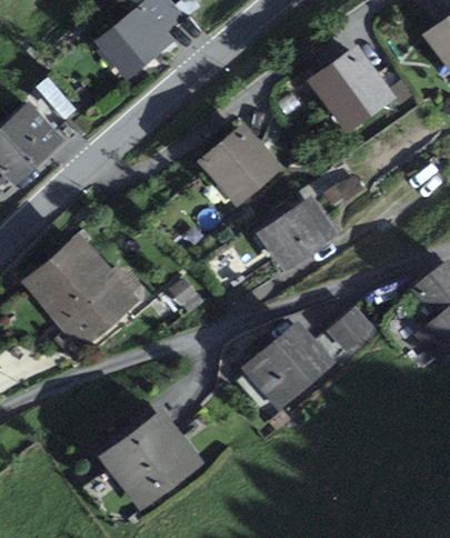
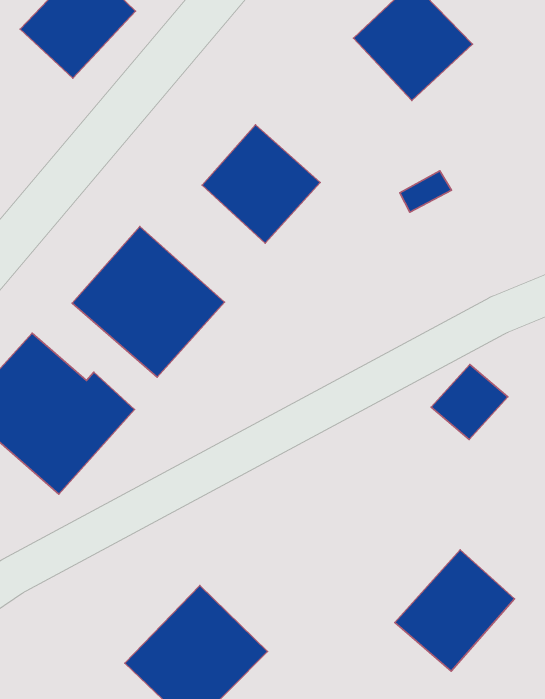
building: none -> [72,226,225,377]
building: [256,198,338,277] -> none
building: [246,327,324,404] -> [395,550,515,671]

